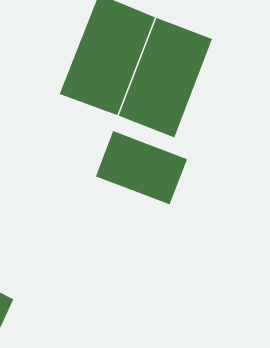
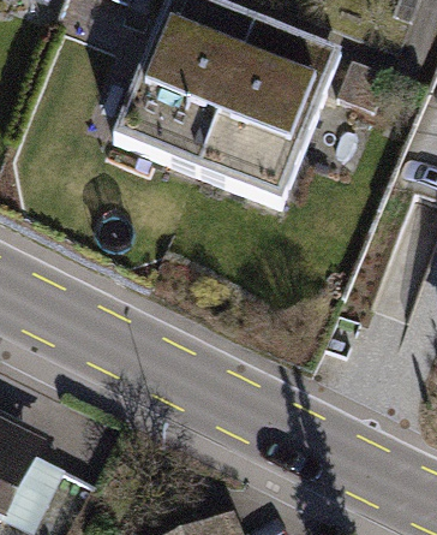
building: [95,130,188,205] -> none

